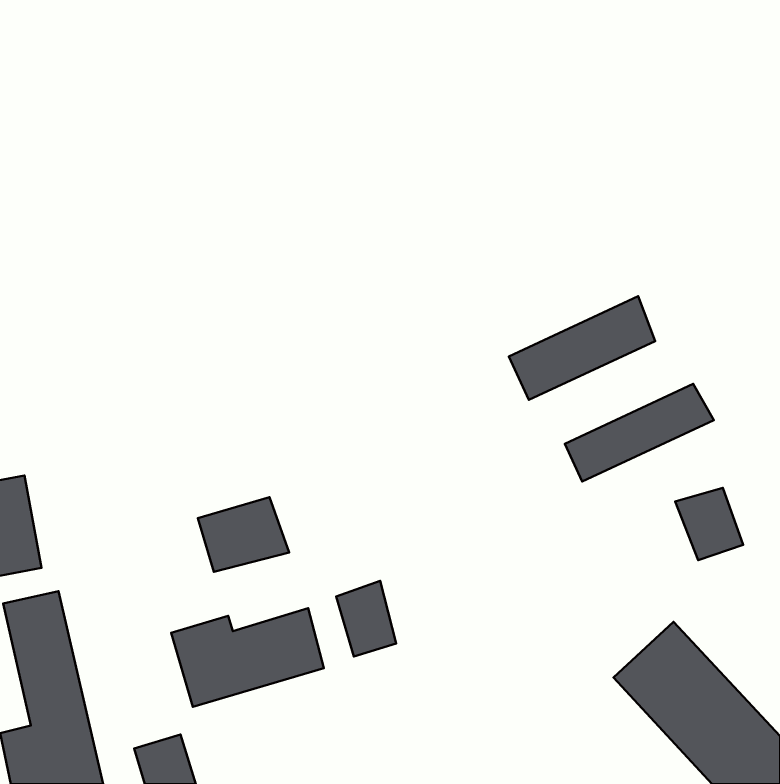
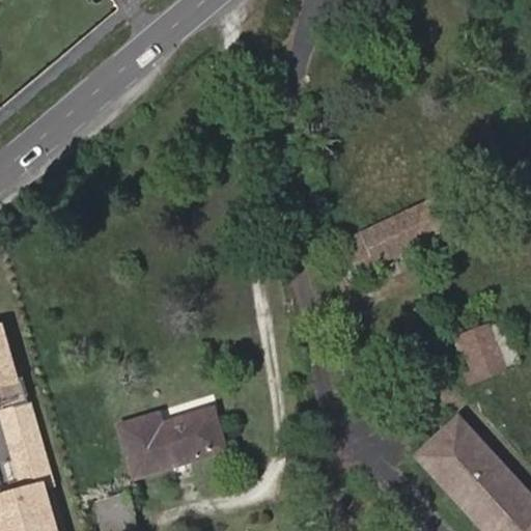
building: [565,384,714,481] -> none
building: [198,497,289,572] -> none
building: [336,581,396,656] -> none

